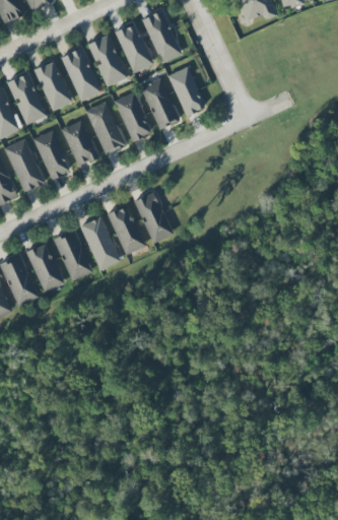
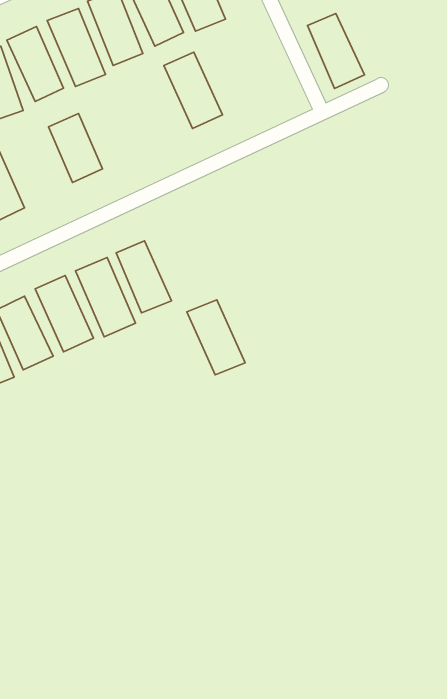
building: [167,66,206,117] -> [307,13,364,88]
building: [113,91,151,141] -> none
building: [85,101,125,153] -> none
building: [32,129,71,180] -> none
building: [133,192,173,243] -> [187,300,245,375]

